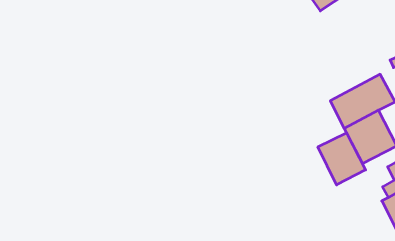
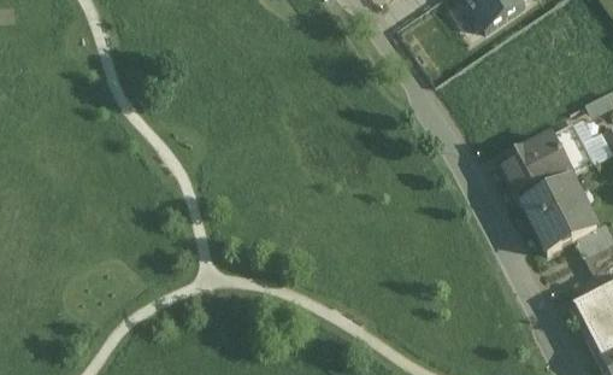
building: [318,133,366,185] -> none

